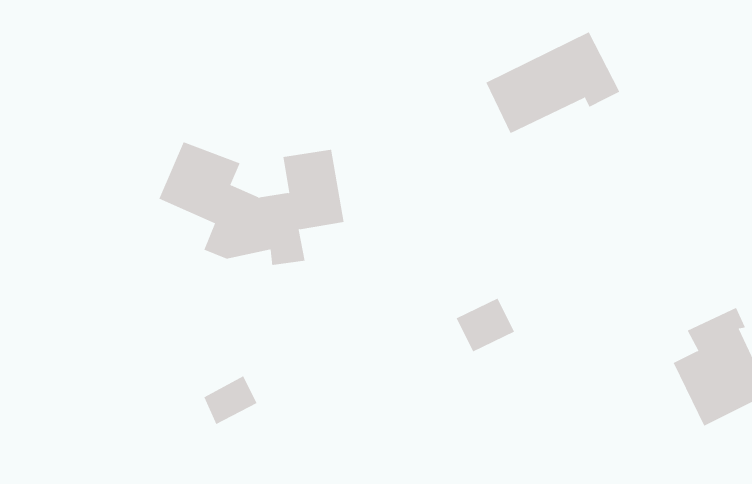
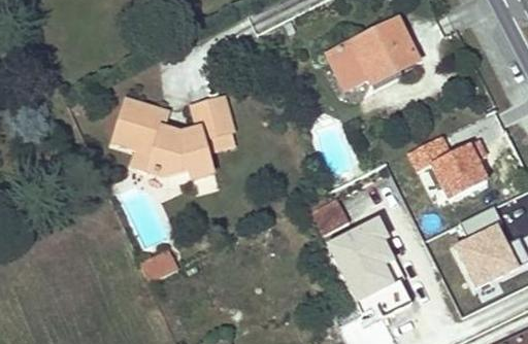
building: none -> [407,135,491,198]
building: none -> [327,221,409,318]

